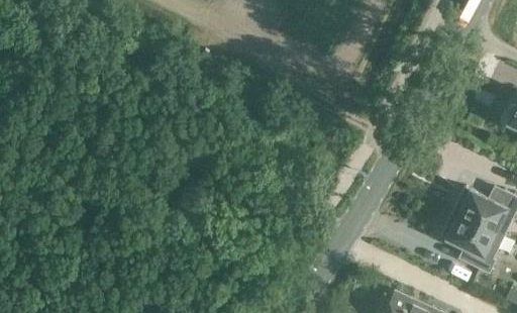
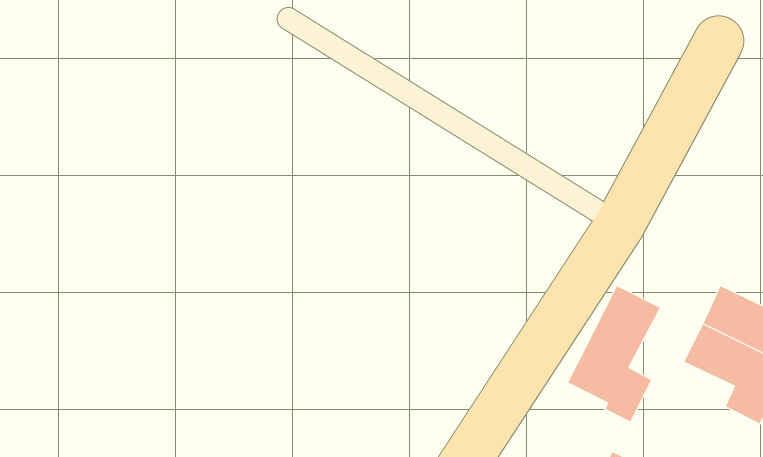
building: none -> [567,286,661,422]

